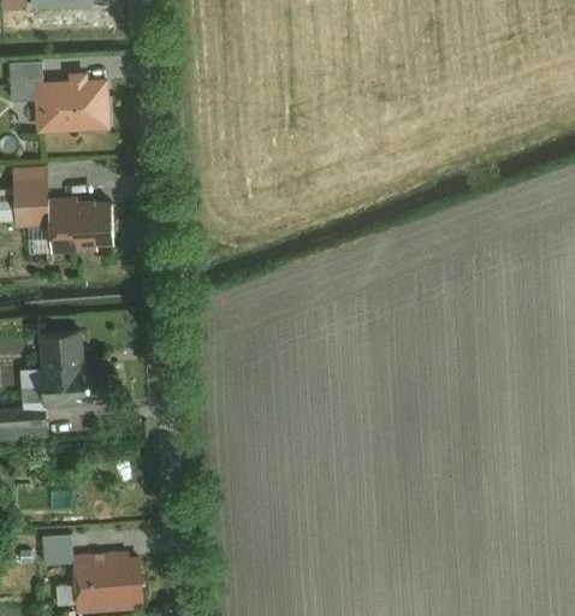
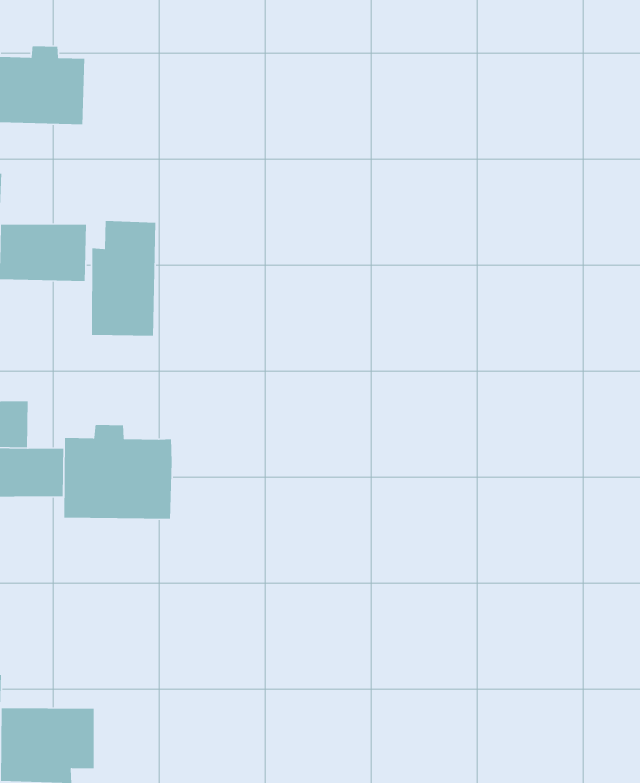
building: none -> [91,220,156,336]
building: none -> [63,424,172,520]

